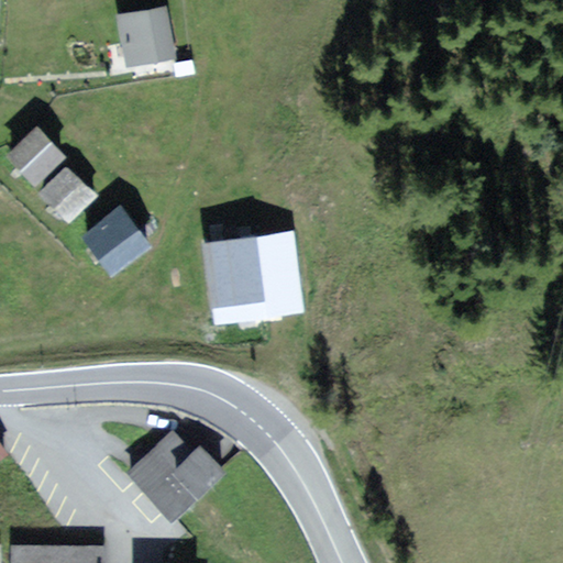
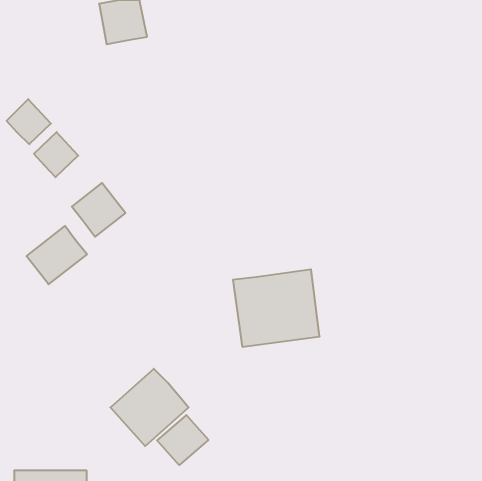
building: [202,233,303,323] -> [233,269,320,347]
building: none -> [27,226,87,284]
building: none -> [157,415,208,465]

